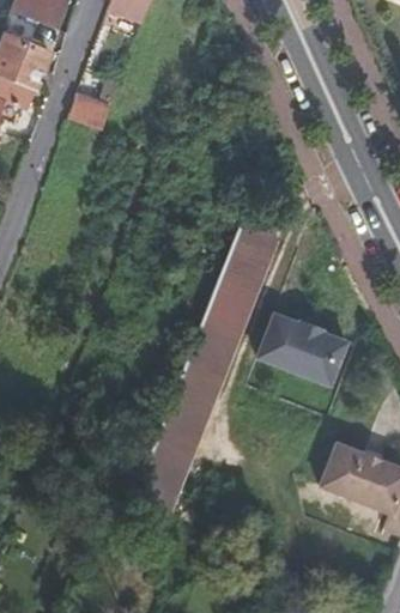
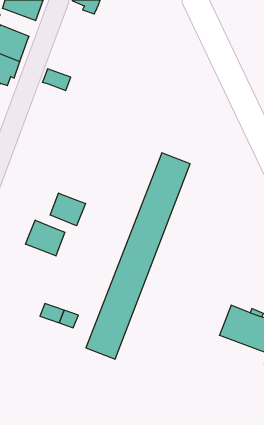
building: none -> [50,193,85,226]
building: [259,311,347,382] -> none
building: none -> [26,220,65,256]

